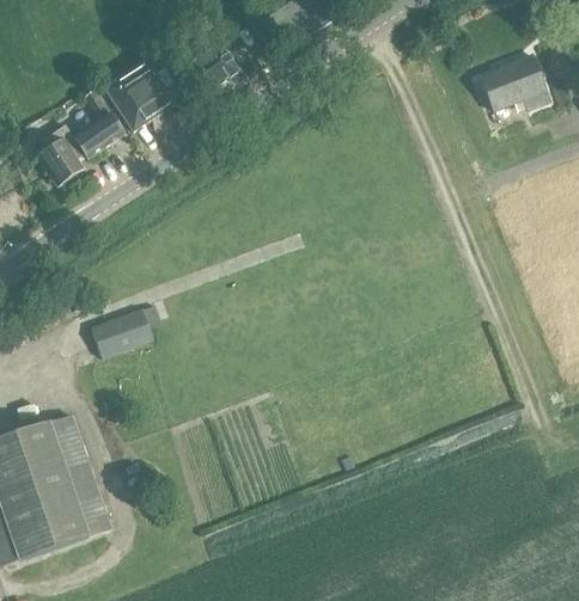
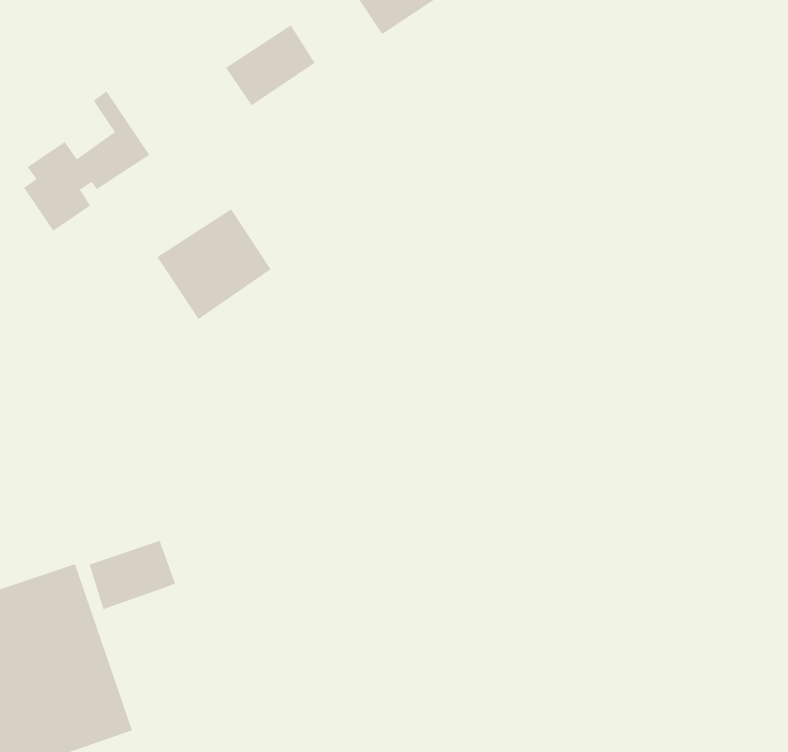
building: [479,53,549,110] -> none
building: [104,54,183,130] -> [157,208,271,320]
building: [91,309,151,357] -> [89,540,176,610]

